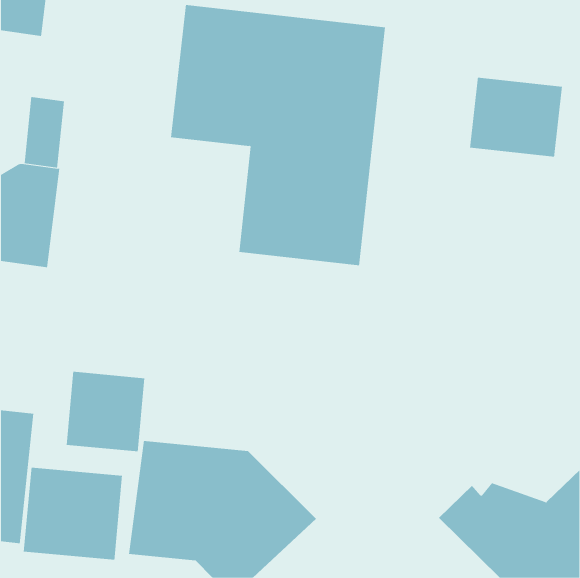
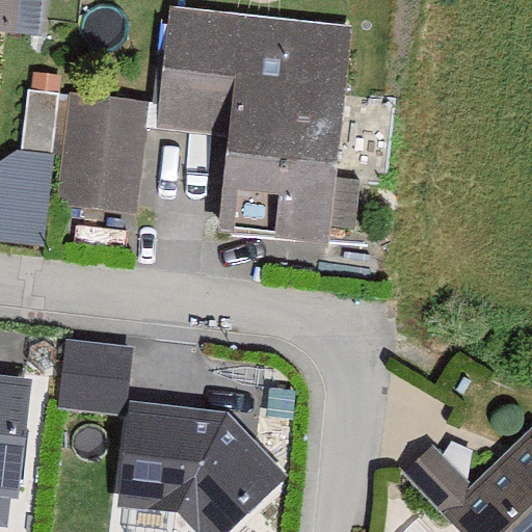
building: [470,77,562,157] -> none
building: none -> [57,99,145,213]
building: [23,467,123,561] -> none

